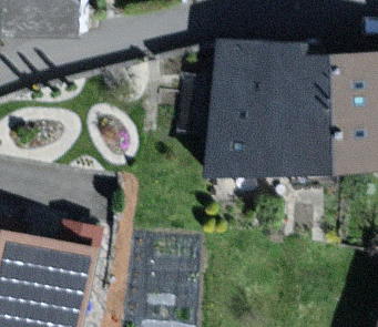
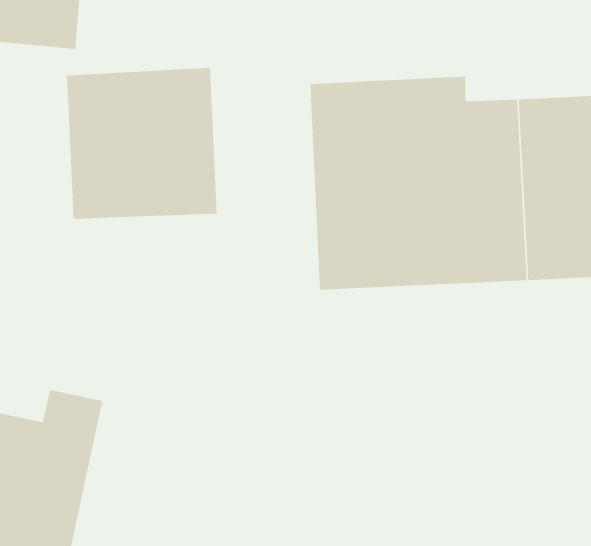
building: none -> [67,67,217,220]

